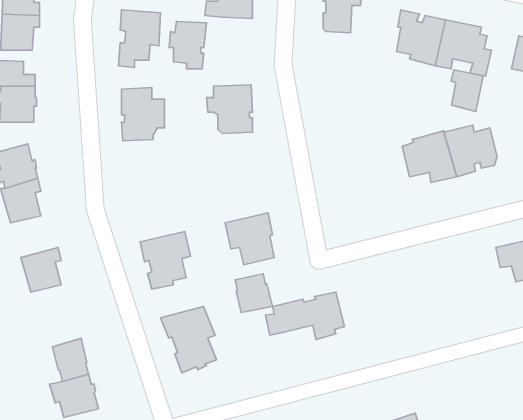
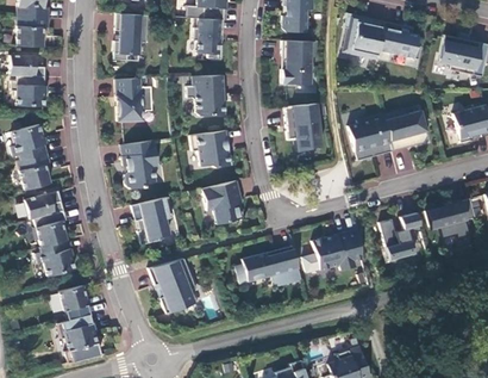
building: [169,21,207,69] -> [194,19,225,58]
building: none -> [281,41,315,85]
building: [451,70,483,112] -> none
building: none -> [284,104,323,151]
building: none -> [190,130,233,167]
building: none -> [121,141,158,188]
building: none -> [24,193,64,219]
building: none -> [380,212,425,260]
building: none -> [312,229,363,271]
building: [235,274,273,312] -> none
building: none -> [36,241,75,277]

